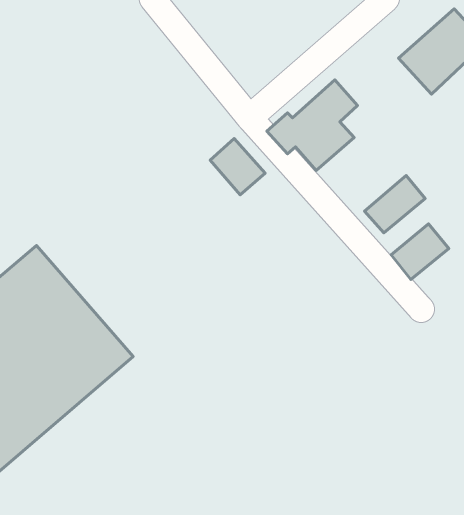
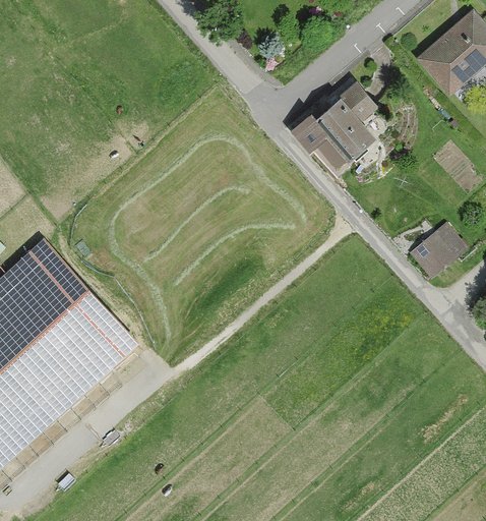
building: [210,138,265,195] -> none
building: [364,176,425,233] -> none

